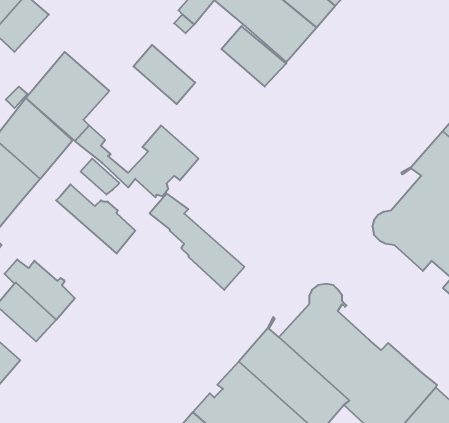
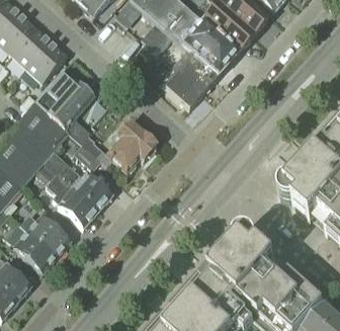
building: none -> [27,43,67,83]
building: [133,45,195,104] -> [160,67,203,108]
building: [150,193,244,290] -> [32,159,99,227]

